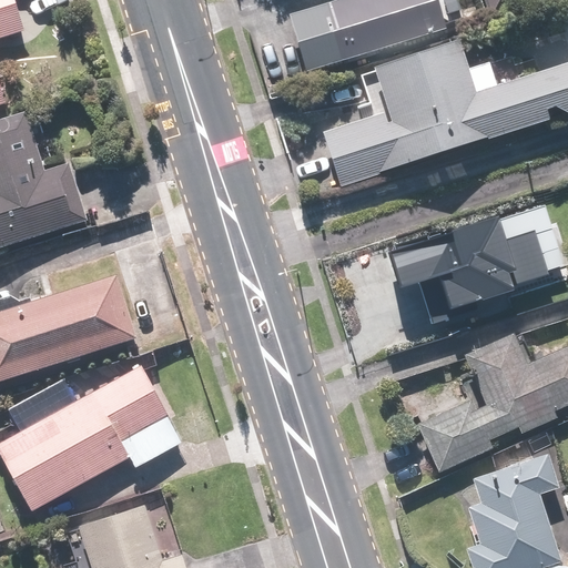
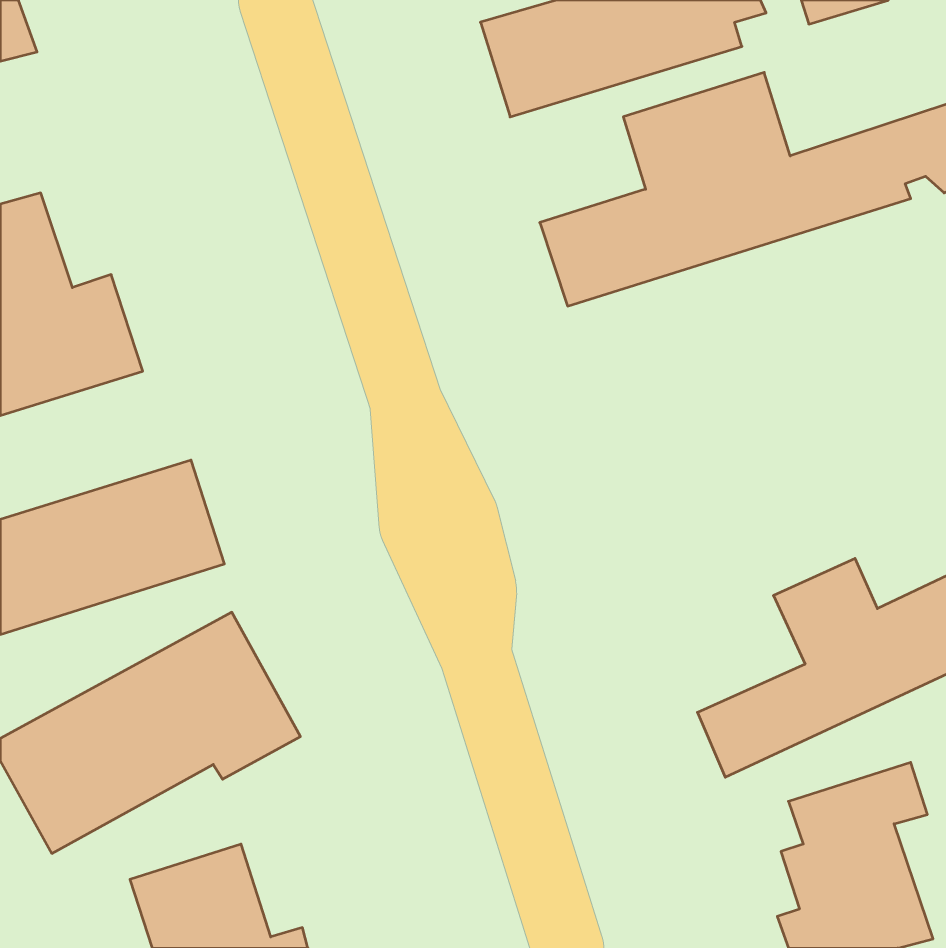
building: [386,203,561,313] -> none

